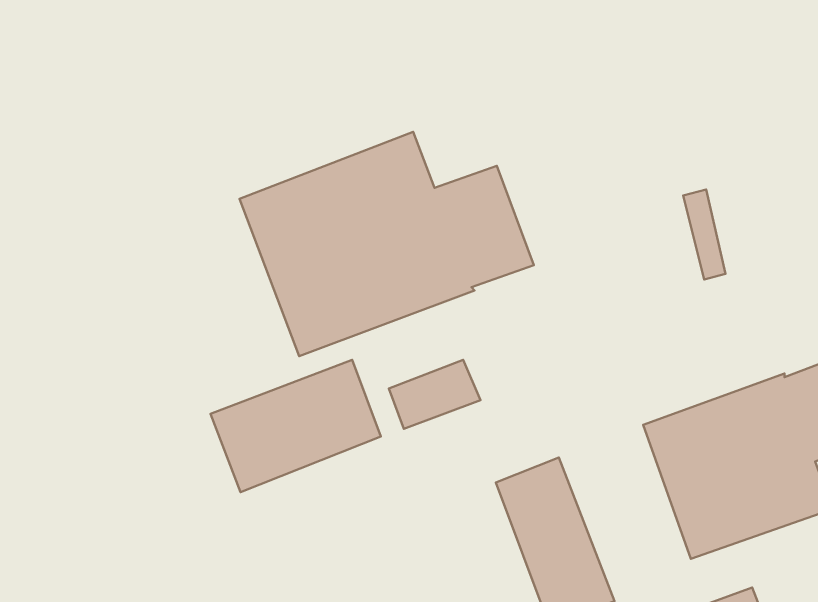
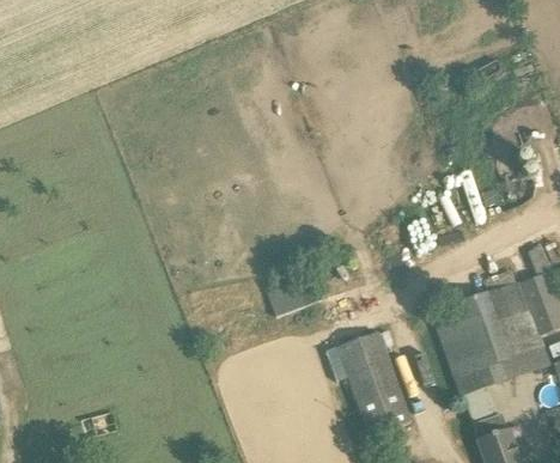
building: [239,132,534,356] -> none
building: [210,360,381,492] -> none

